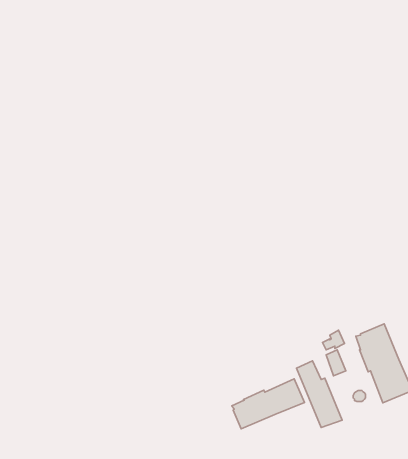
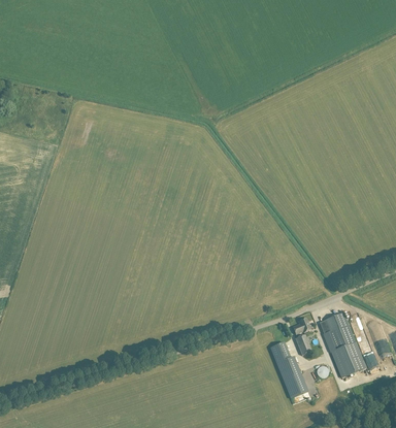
building: [232,379,304,429] -> none

